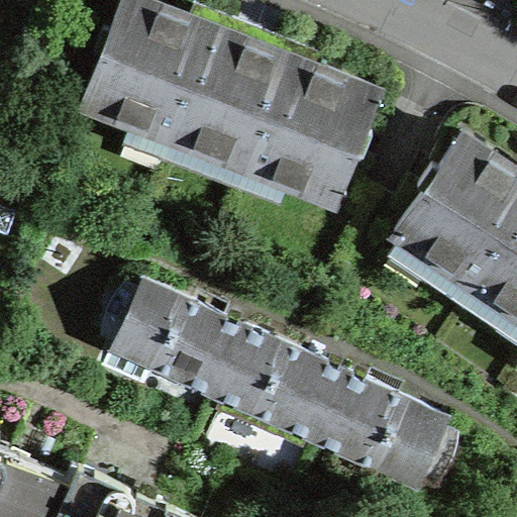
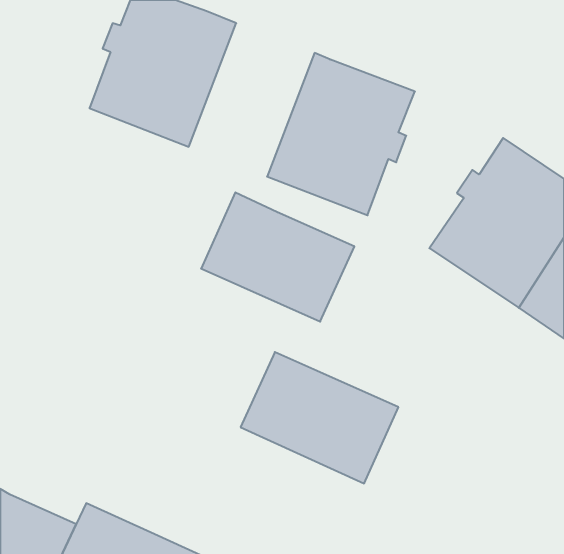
building: [173,30,288,171] -> none
building: [111,282,251,400] -> [201,192,354,322]
building: [333,382,447,489] -> none

